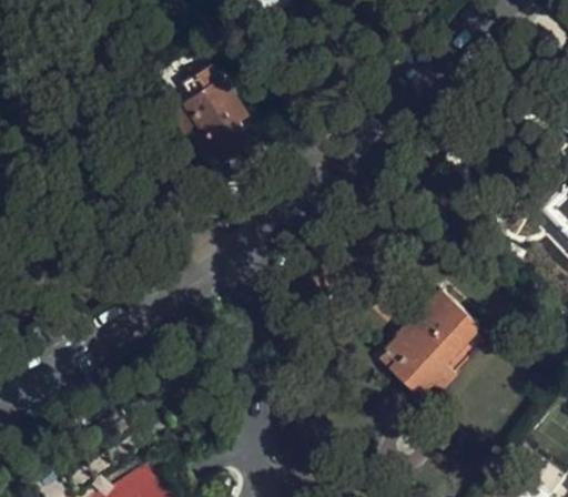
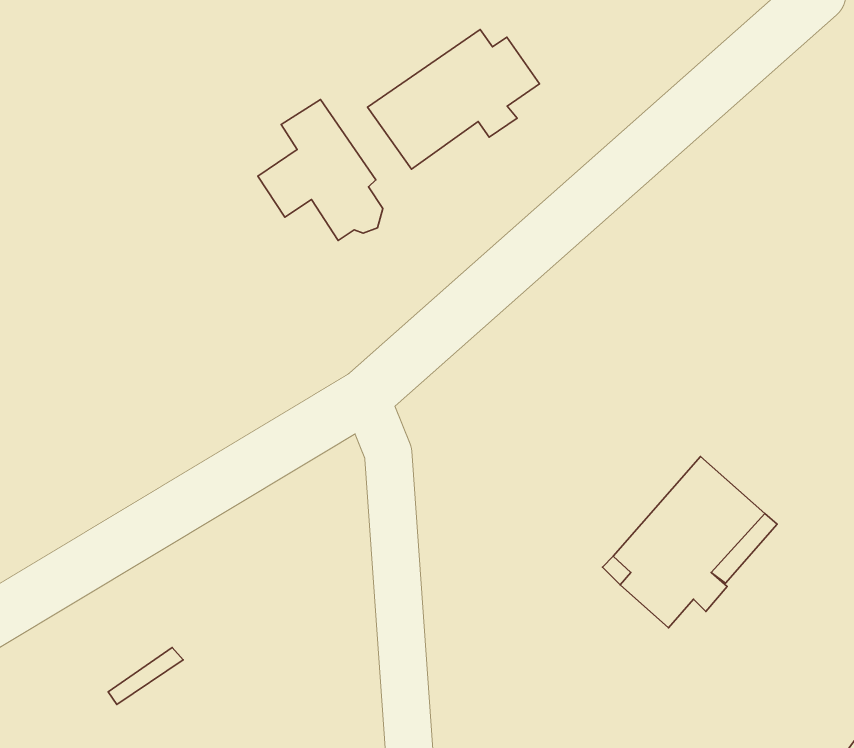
building: none -> [368,29,539,169]

